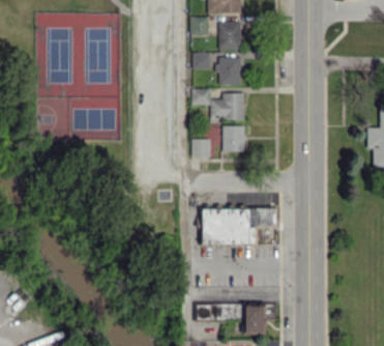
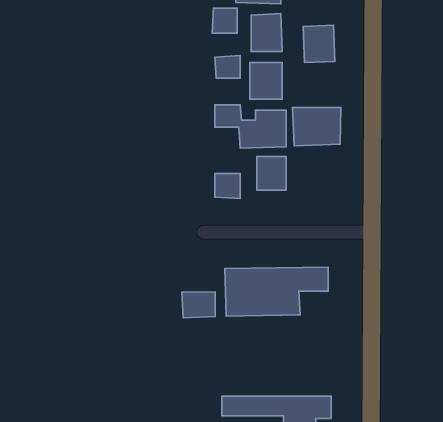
building: none -> [303,25,335,63]
building: none -> [293,108,341,146]
building: none -> [182,292,215,318]

